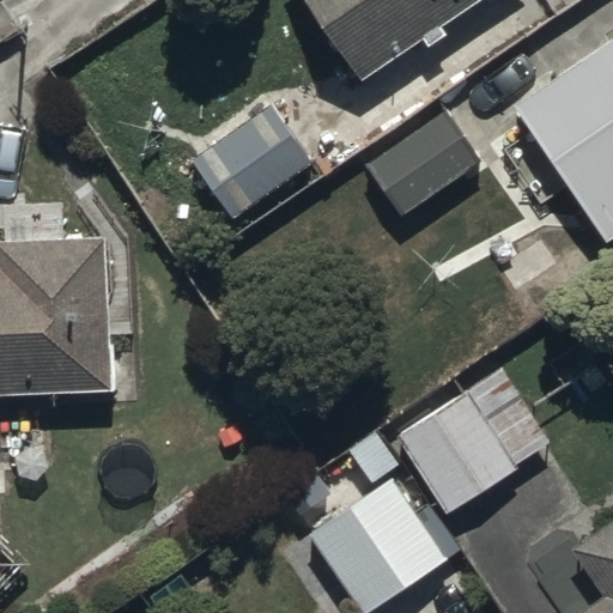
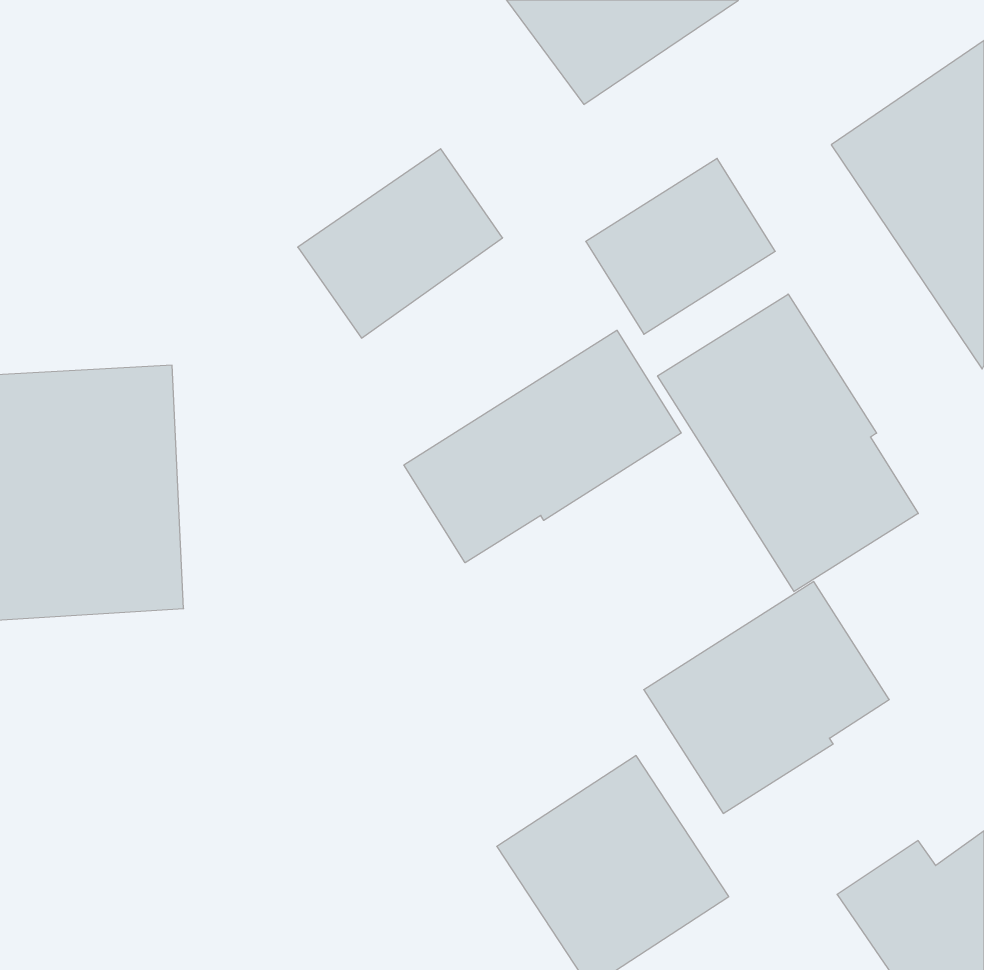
building: none -> [658,294,918,592]
building: none -> [404,330,681,563]

